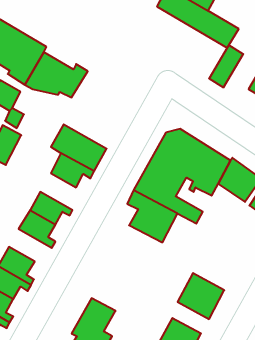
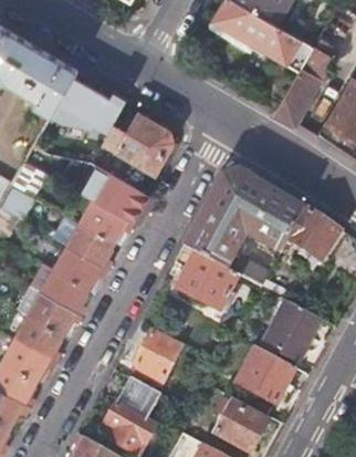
building: none -> [103,113,172,174]
building: none -> [69,225,113,270]
building: none -> [30,293,83,333]
building: none -> [264,301,322,362]
building: none -> [135,331,182,385]

